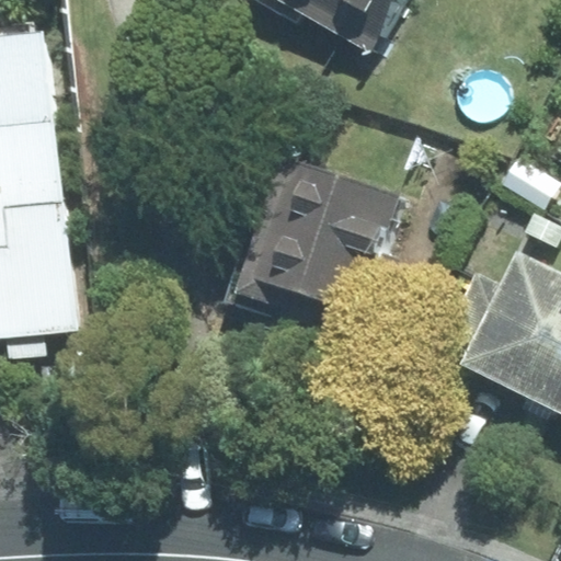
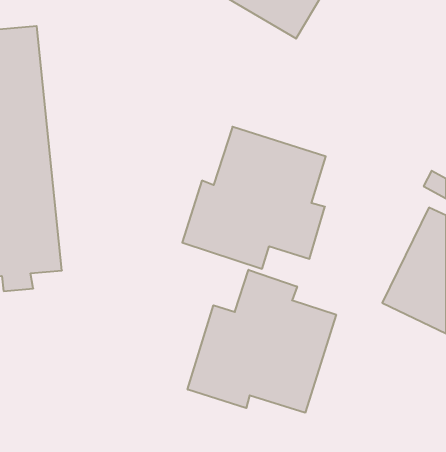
building: none -> [188,270,336,413]

